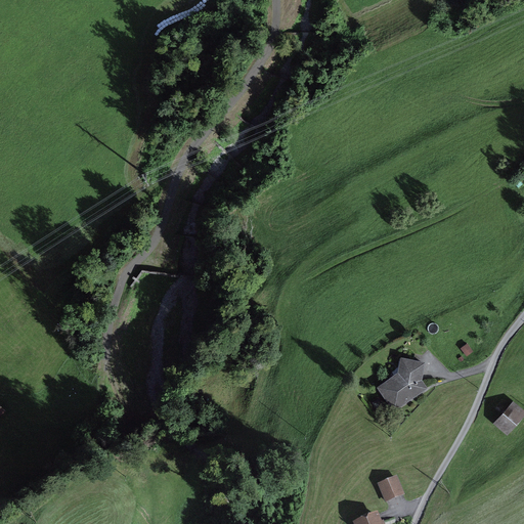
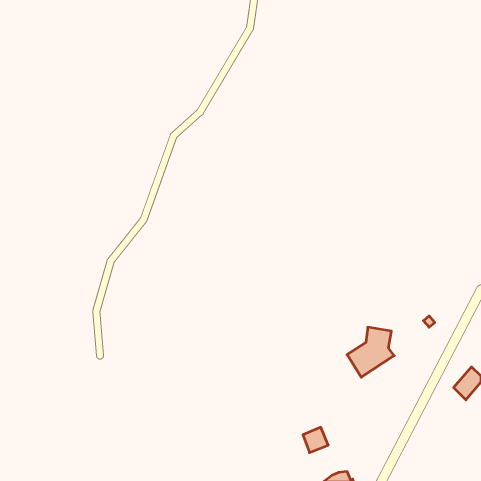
building: [377,476,404,504] -> [303,427,328,453]

